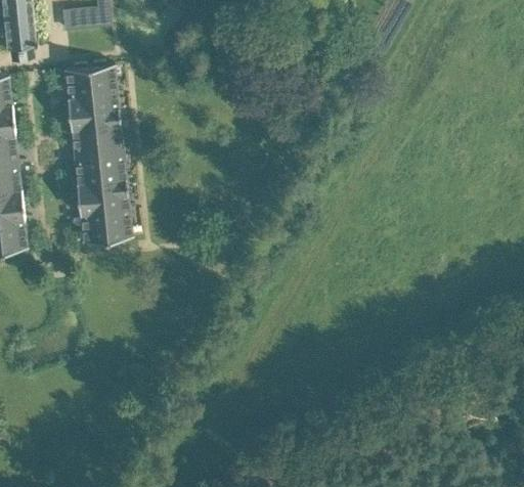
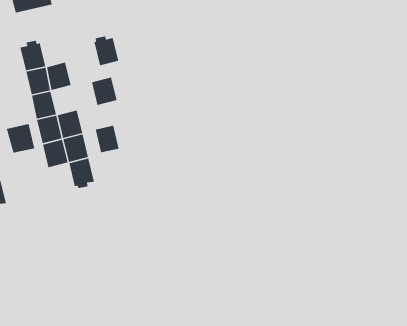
building: [90,60,117,95] -> [94,35,119,66]
building: [95,121,123,152] -> [91,77,117,106]
building: none -> [6,123,35,154]
building: none -> [95,125,120,153]
building: [80,210,107,245] -> none

